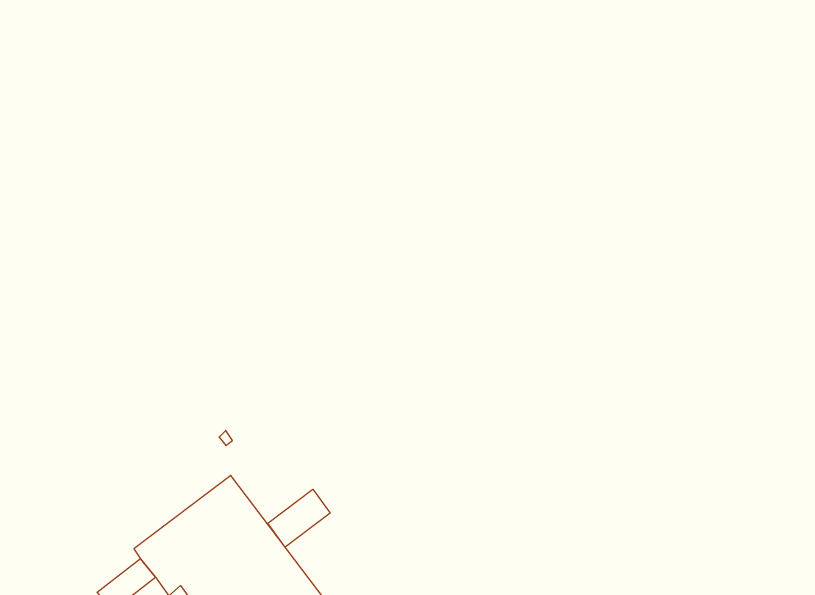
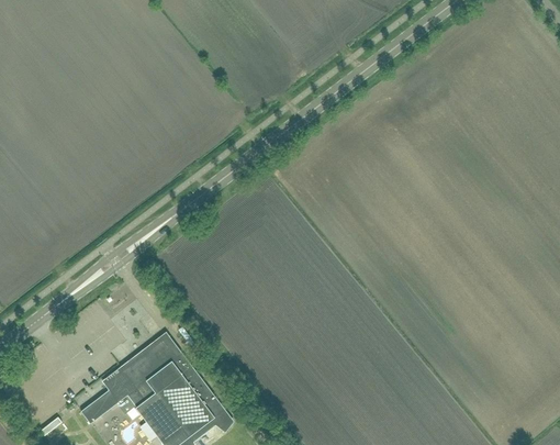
building: [268,489,330,547] -> none

